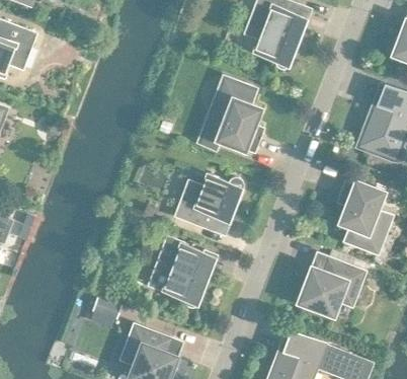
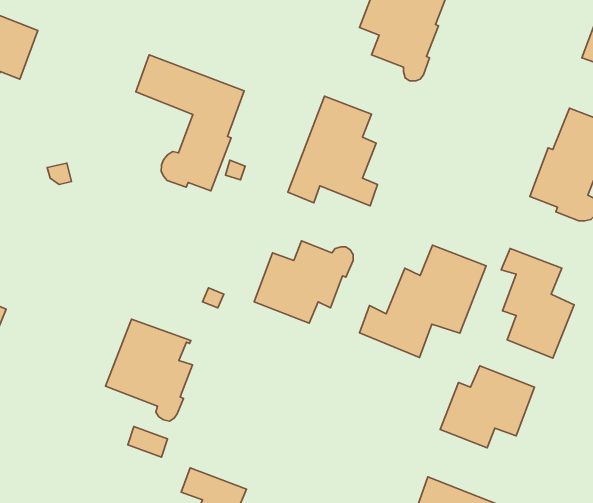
building: none -> [136,55,244,191]
building: none -> [360,245,486,357]
building: [151,239,209,307] -> [106,319,192,421]

